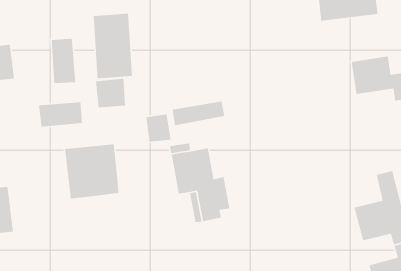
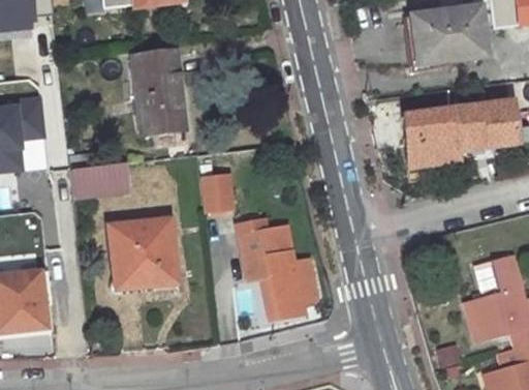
building: [51,38,76,84] -> none
building: none -> [400,115,464,174]
building: [95,78,126,108] -> none
building: [172,100,225,126] -> none

